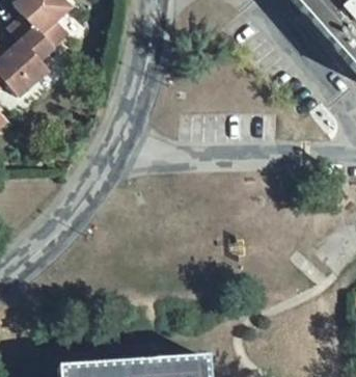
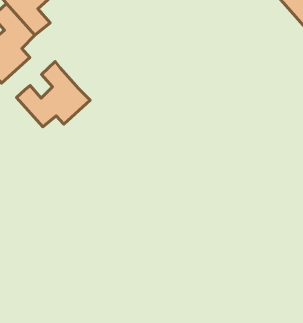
building: none -> [17,62,90,127]

